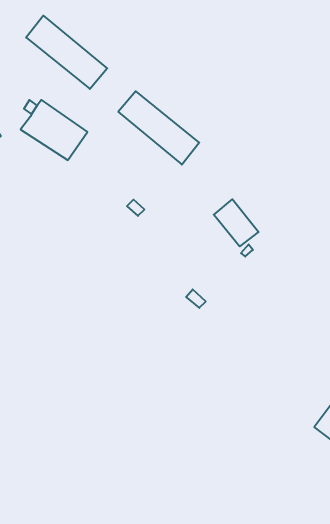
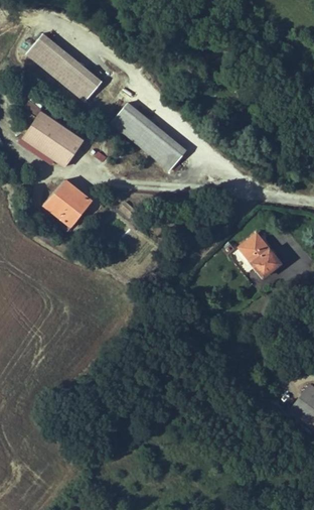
building: none -> [43,179,91,231]
building: [214,199,259,246] -> [239,233,280,276]

